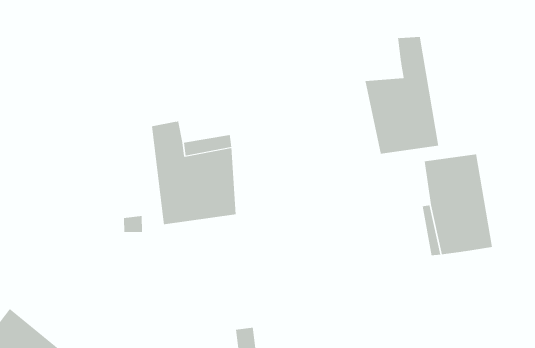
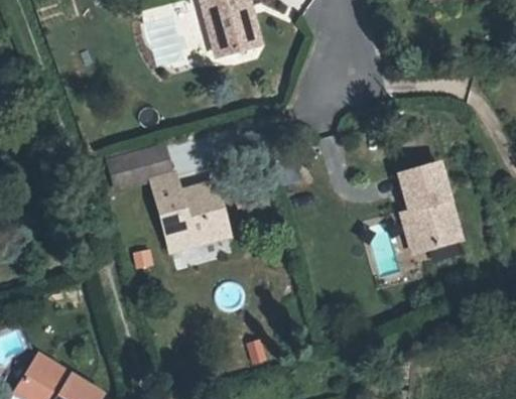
building: [365,36,439,155] -> none
building: none -> [112,140,171,182]

